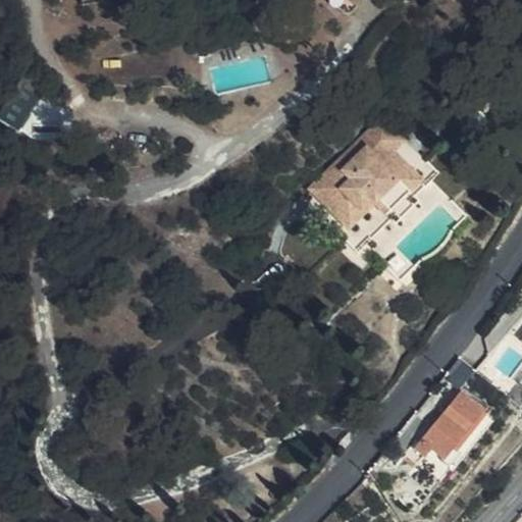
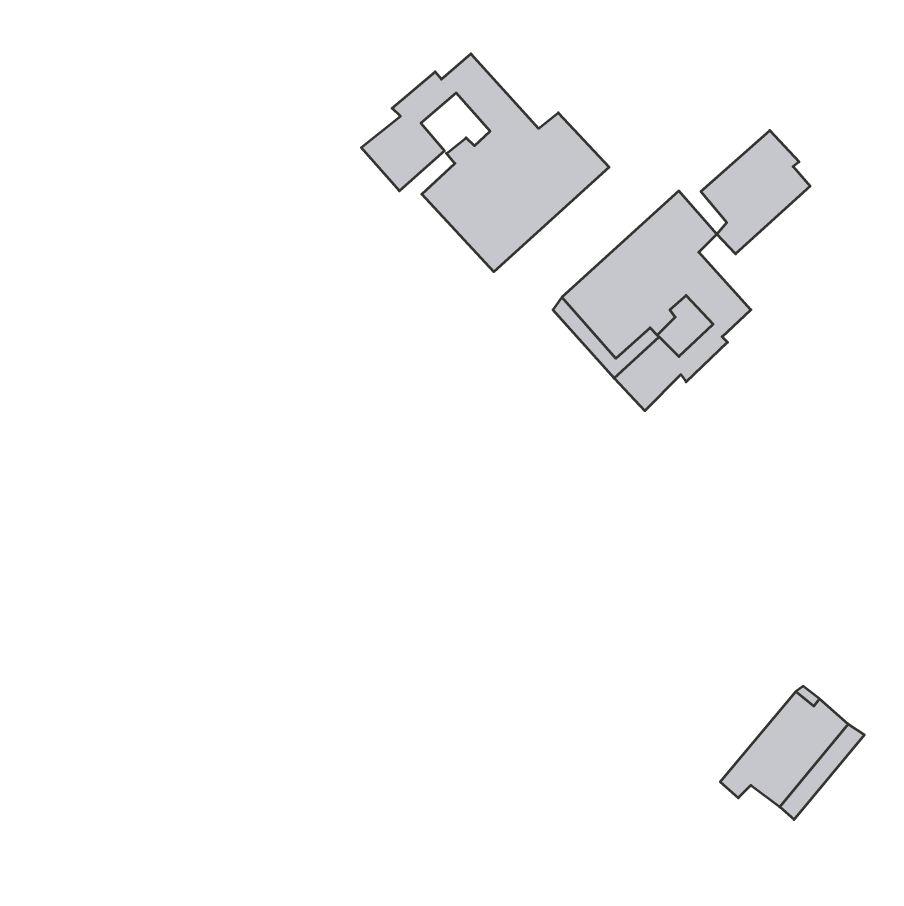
building: none -> [361,54,609,272]
building: none -> [701,130,810,254]

